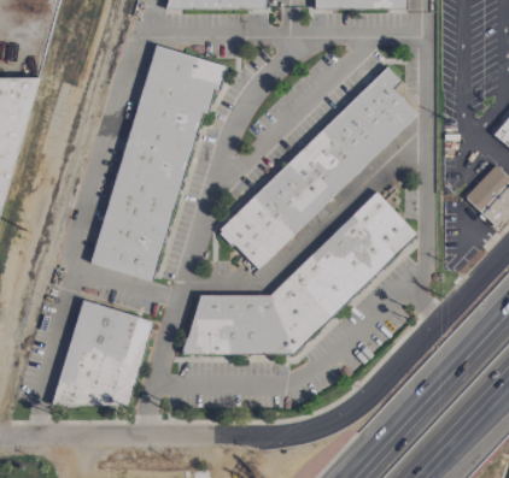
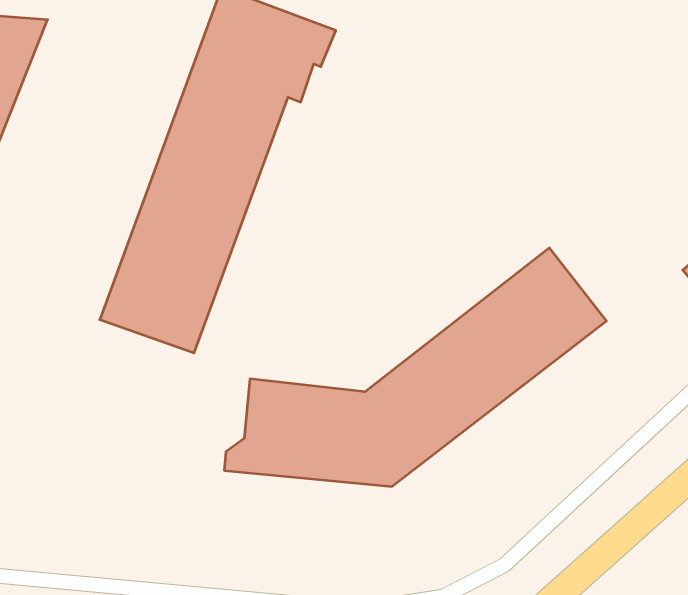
building: [218,66,419,270] -> none
building: [55,301,152,414] -> none

